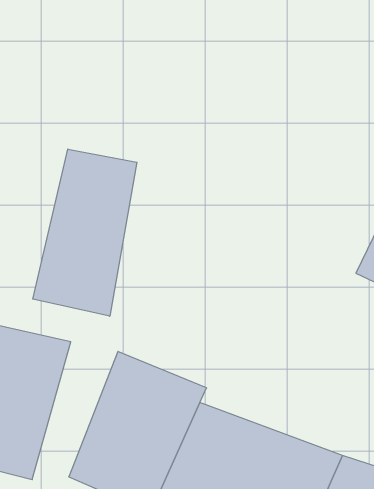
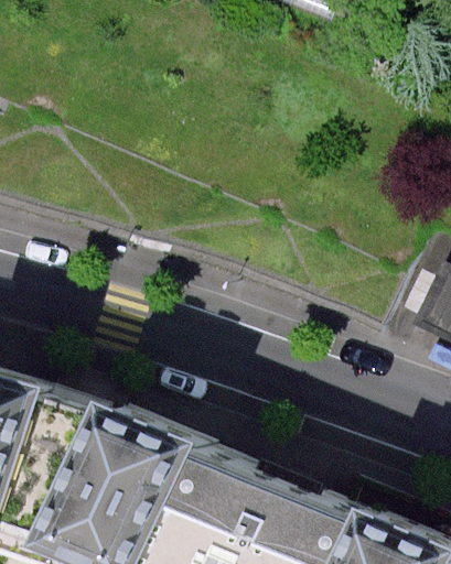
building: [33,149,137,316] -> none

